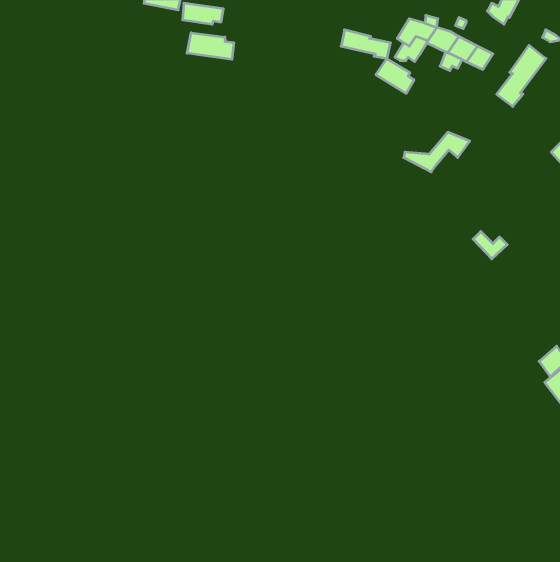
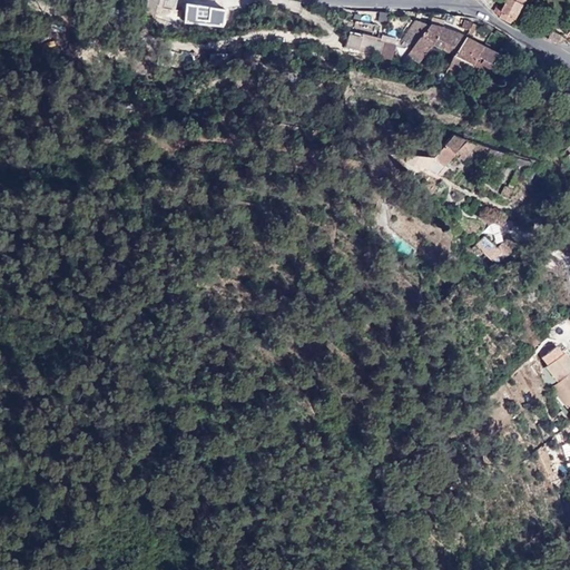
building: [187,33,234,59] -> none
building: [497,45,546,107] -> none
building: [376,59,414,93] -> none

